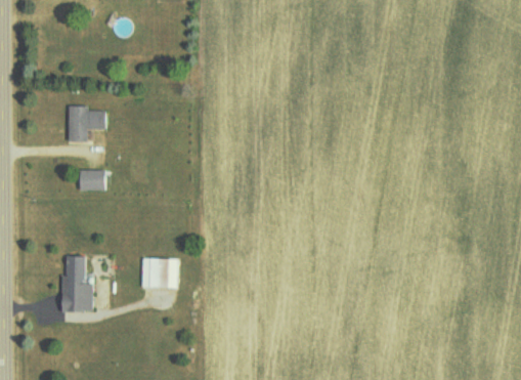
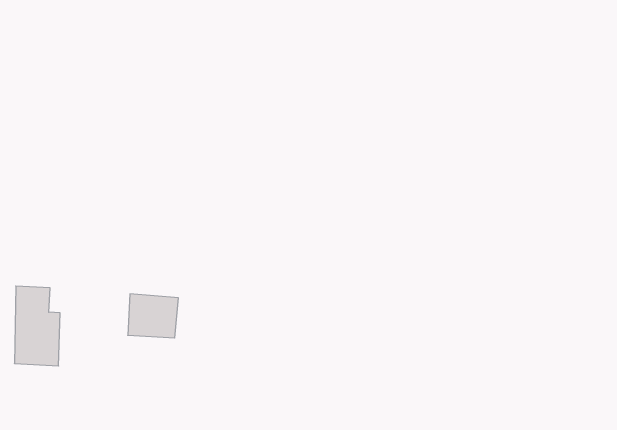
building: [66,105,106,142] -> none
building: [78,169,106,191] -> none

